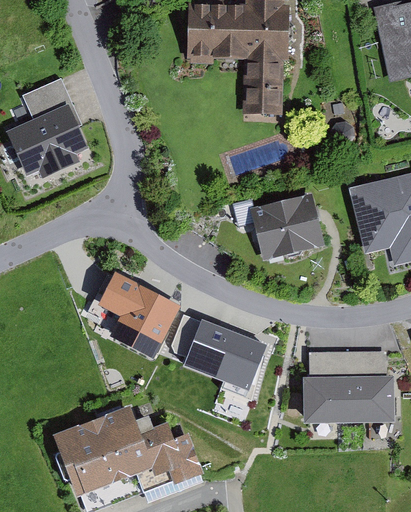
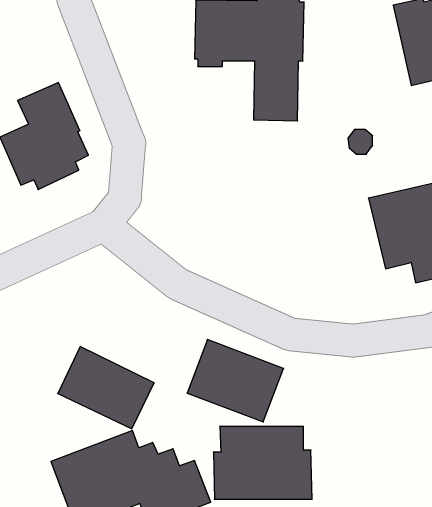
building: [249,193,323,260] -> none
building: [90,275,180,352] -> [58,346,154,429]
building: [302,352,394,420] -> [213,426,312,499]

